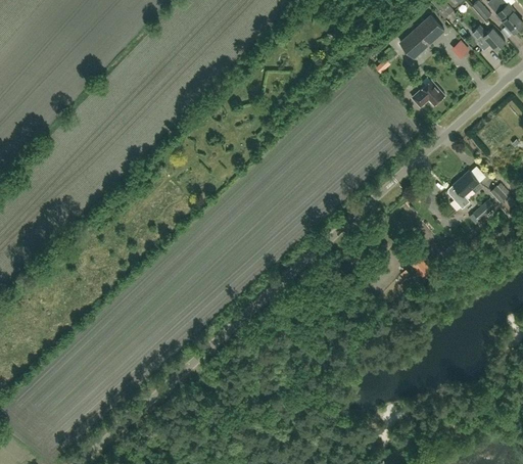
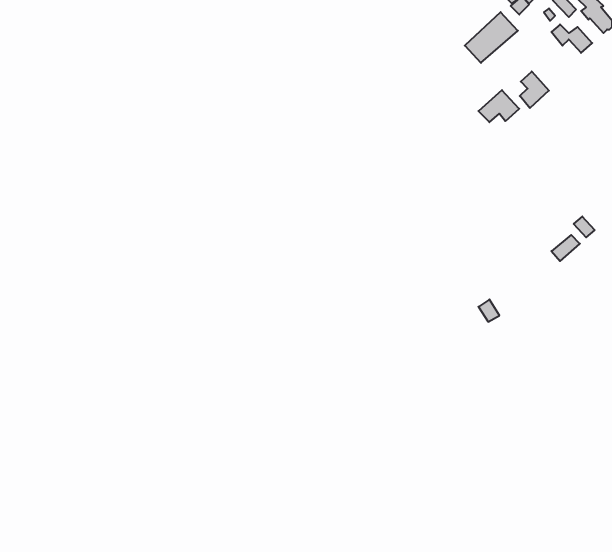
building: none -> [520,71,549,108]
building: [448,170,483,208] -> none

